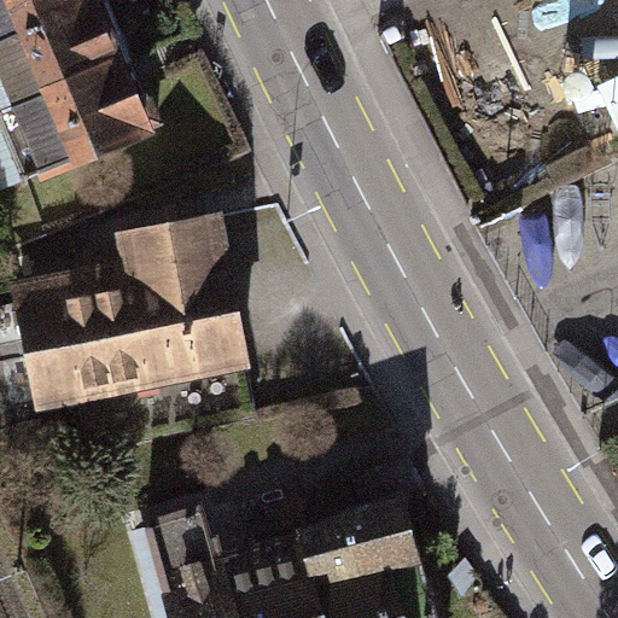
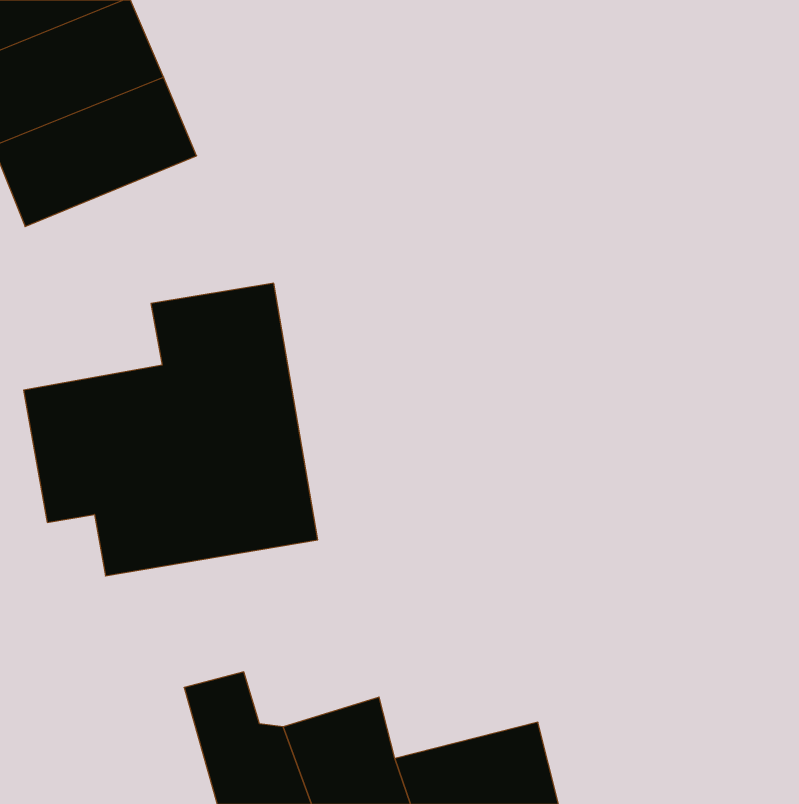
building: [291,508,413,582] -> none

